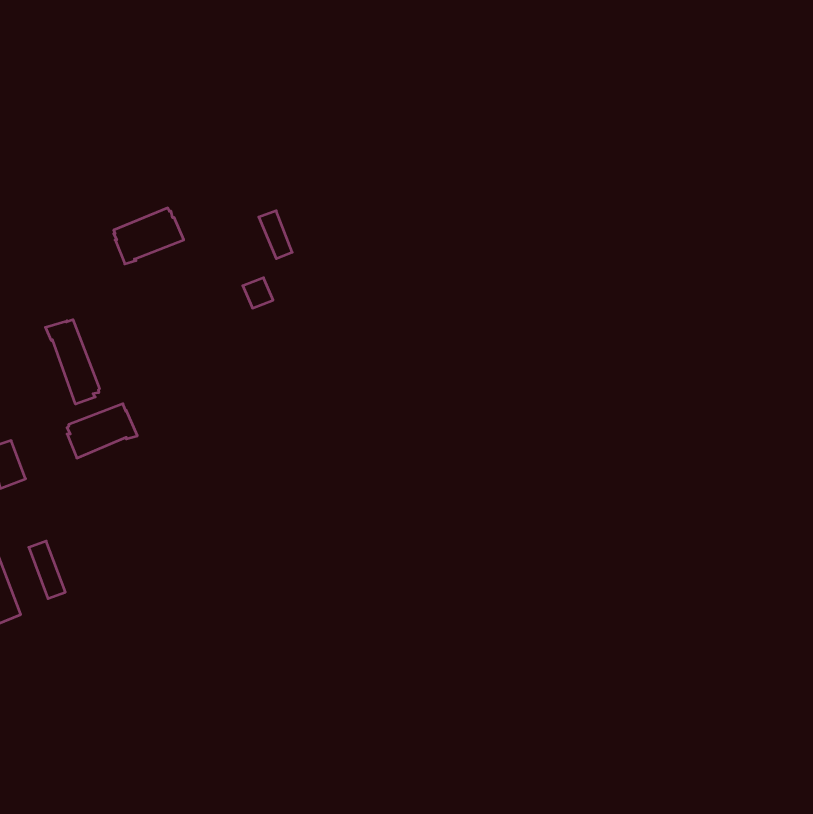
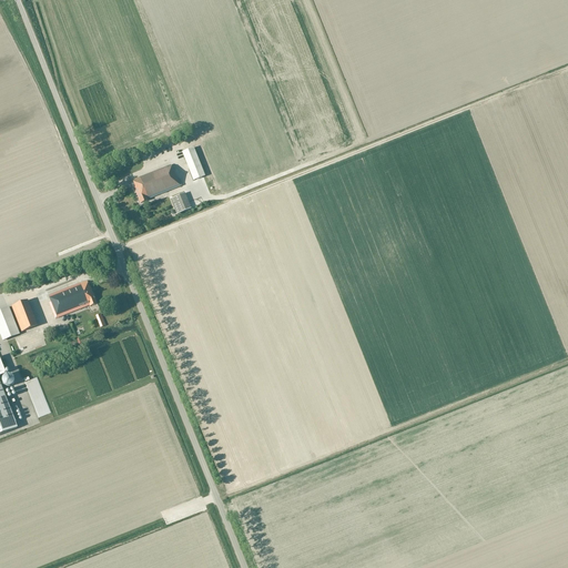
building: [114,208,184,264] -> [131,163,180,202]
building: [45,320,99,404] -> none
building: none -> [10,300,36,331]

